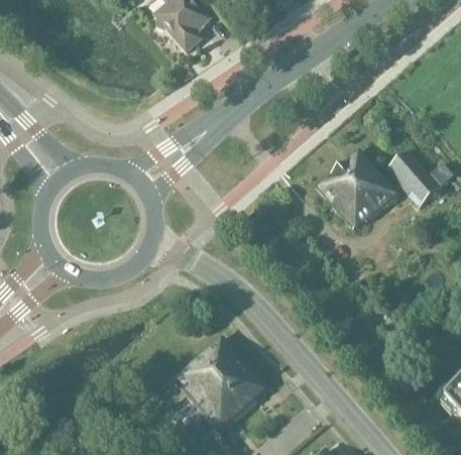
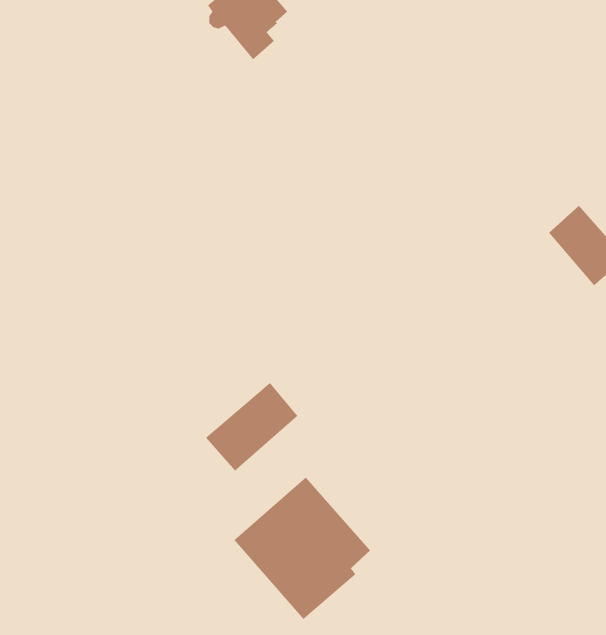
building: [317,150,397,229] -> none
building: none -> [205,382,298,471]

